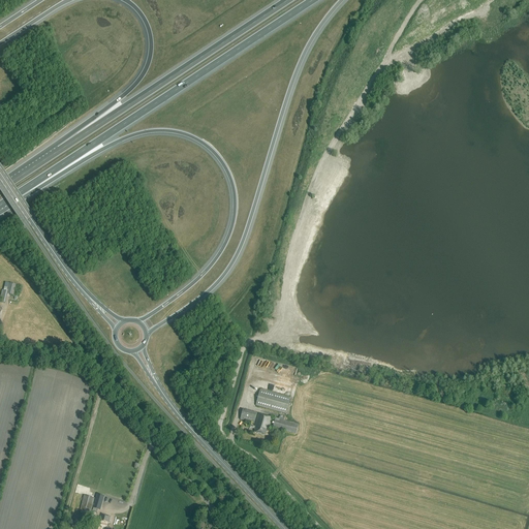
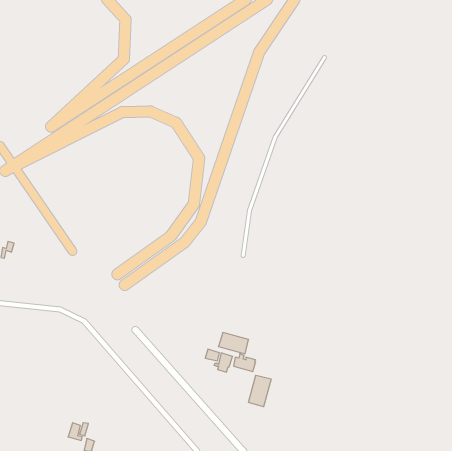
building: none -> [249,375,271,407]

